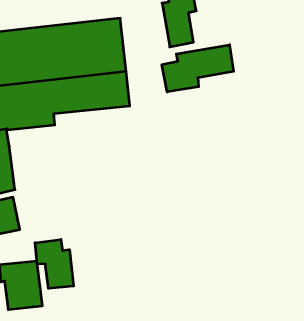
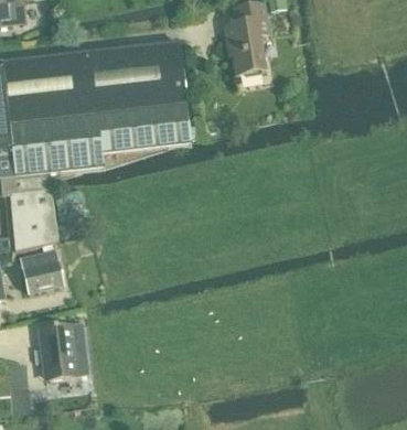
building: [162,45,234,92] -> none
building: [35,239,74,288] -> none

